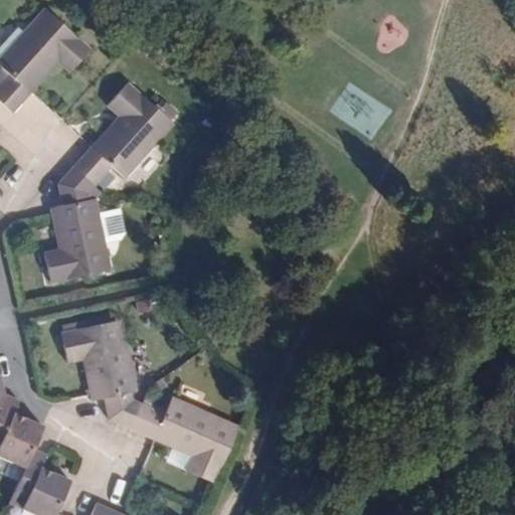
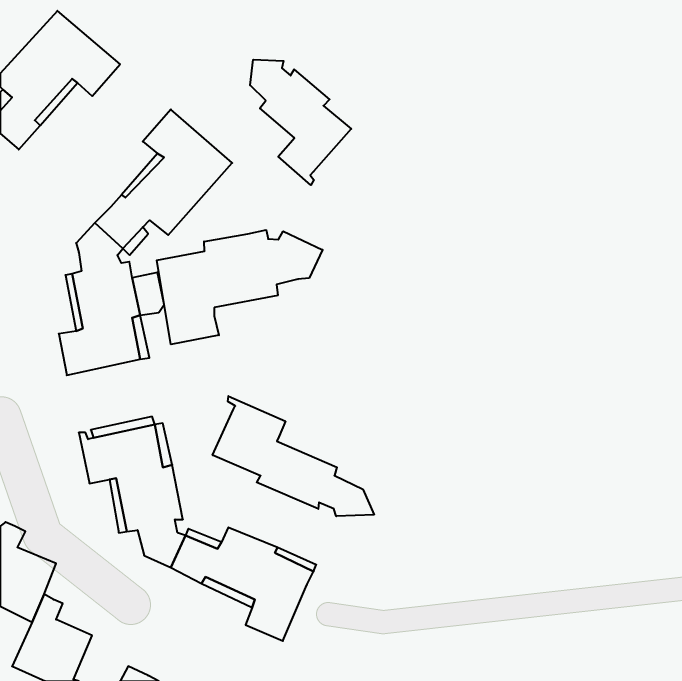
building: none -> [250,60,351,185]
building: none -> [157,230,323,344]
building: none -> [213,396,374,516]

